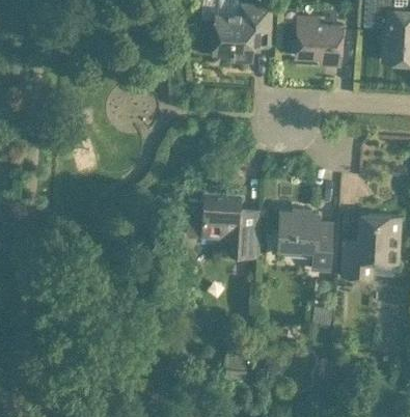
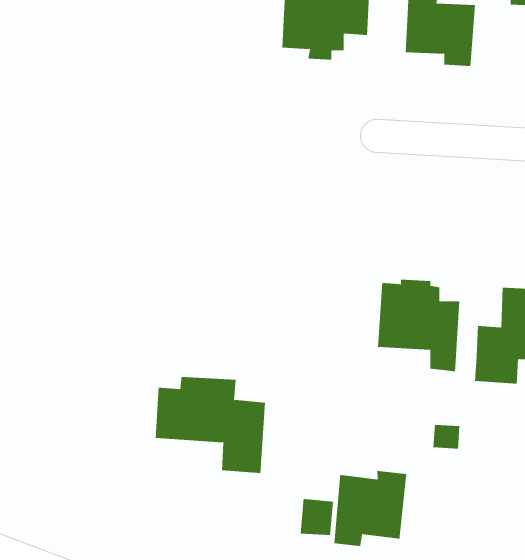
building: [185,193,259,258] -> [155,376,266,474]
building: none -> [334,470,407,547]

